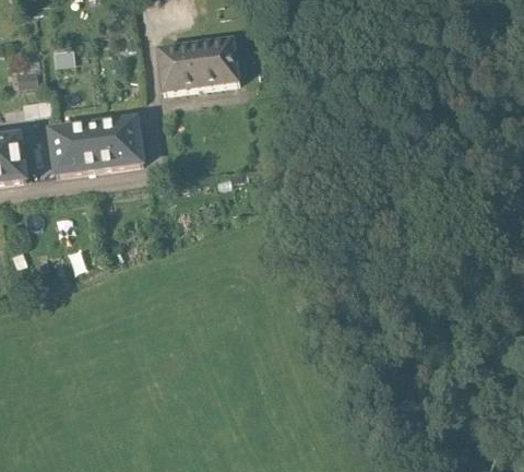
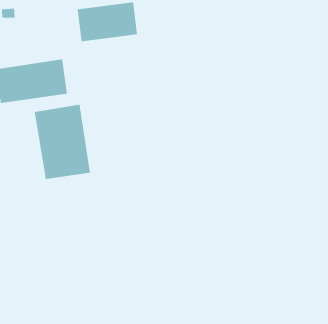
building: none -> [34,104,91,180]

